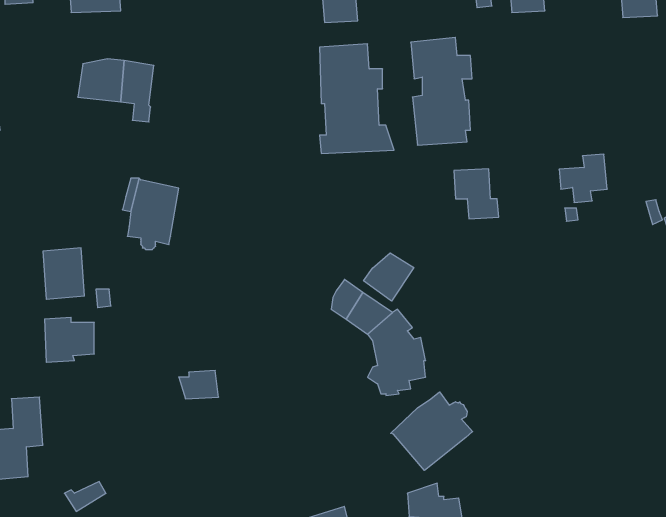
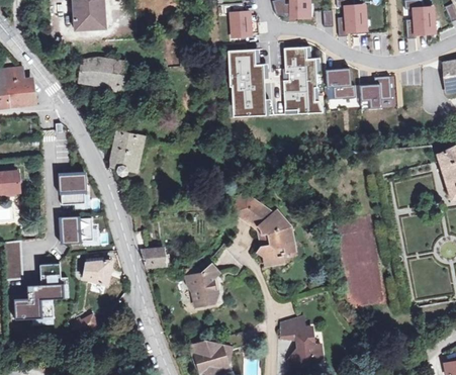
building: [559,154,607,202] -> [361,77,390,106]
building: [454,169,499,219] -> [327,69,354,99]
building: [364,253,414,301] -> none
building: [391,392,473,470] -> none
building: none -> [84,262,111,286]
building: none -> [188,268,219,305]

